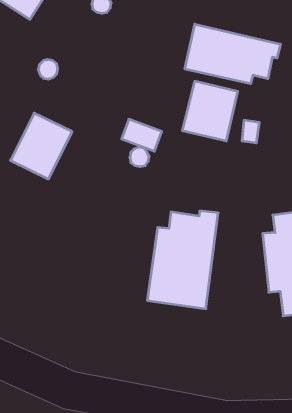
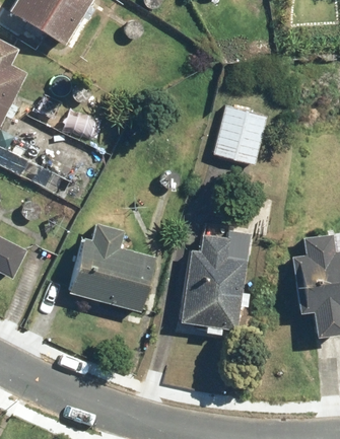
building: [185,24,280,84] -> none
building: none -> [68,224,154,312]

